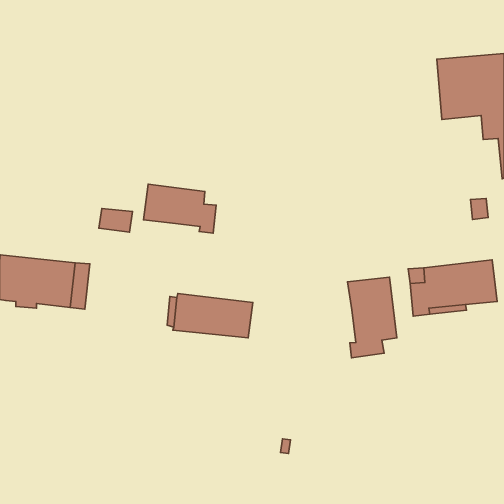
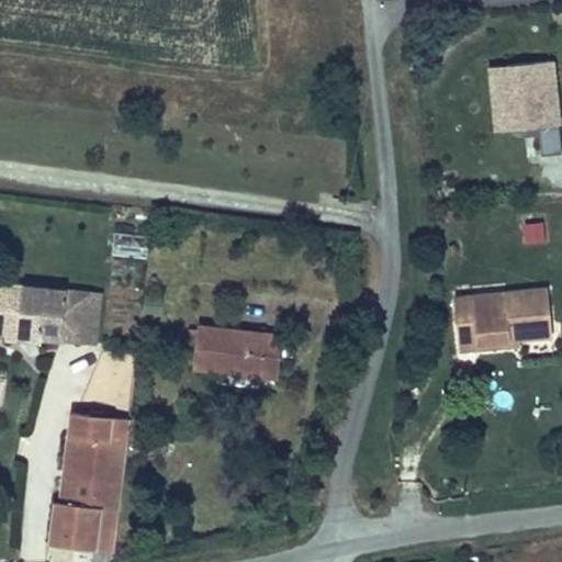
building: [143,184,216,233] -> none
building: [348,277,397,358] -> none
building: none -> [49,413,128,552]

